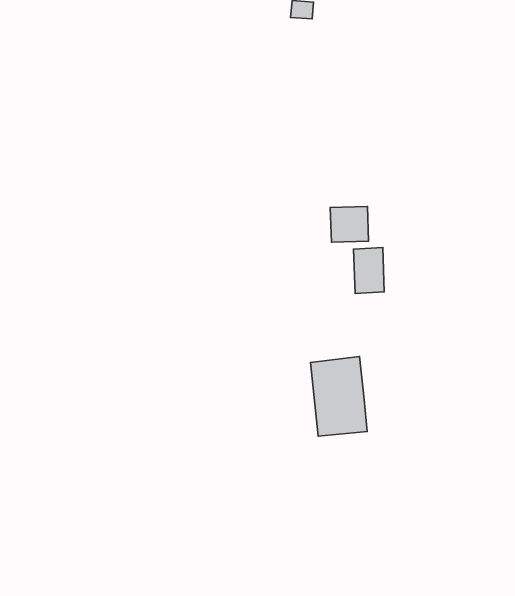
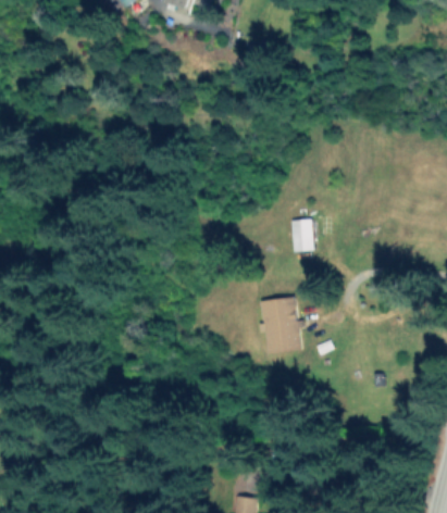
building: [330,207,369,242] -> none

